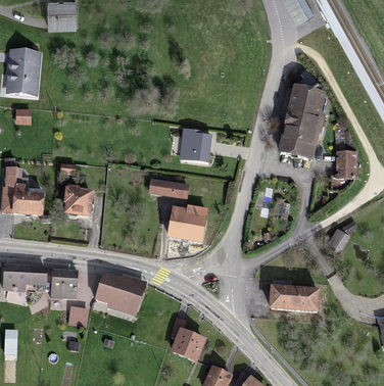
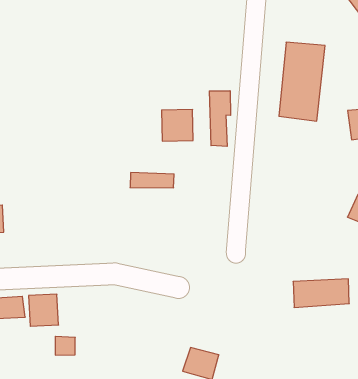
building: none -> [209,91,231,146]
building: [64,188,92,216] -> none
building: [170,206,206,241] -> none
building: [96,273,143,312] -> none

